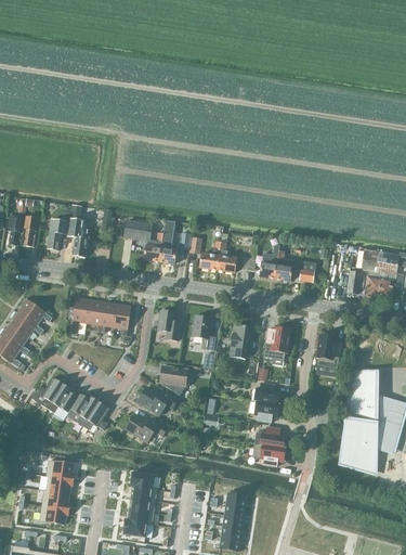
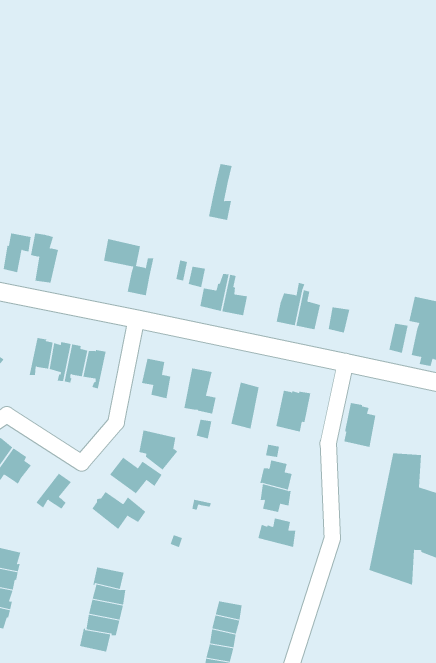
building: [159,220,176,263] -> [208,164,232,220]
building: [71,392,100,425] -> none
building: [253,442,286,466] -> none

